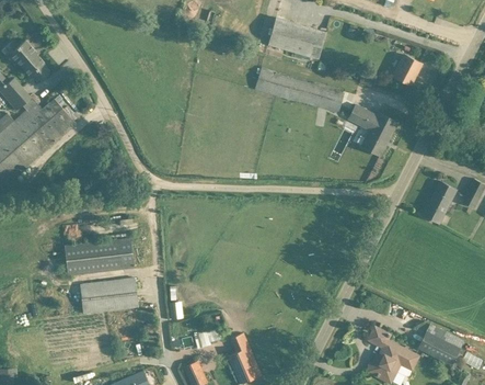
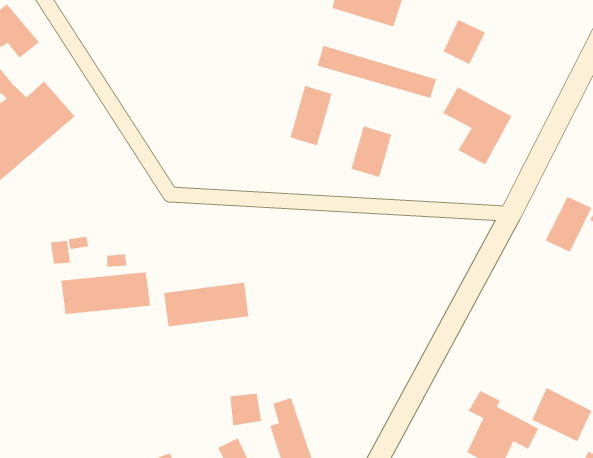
building: [392,54,424,88] -> [443,19,486,65]
building: none -> [290,85,332,146]
building: none -> [351,125,392,178]
building: [77,278,140,310] -> [163,282,249,327]

